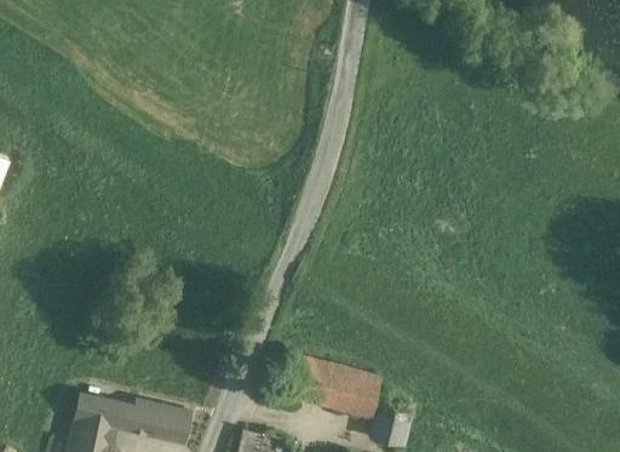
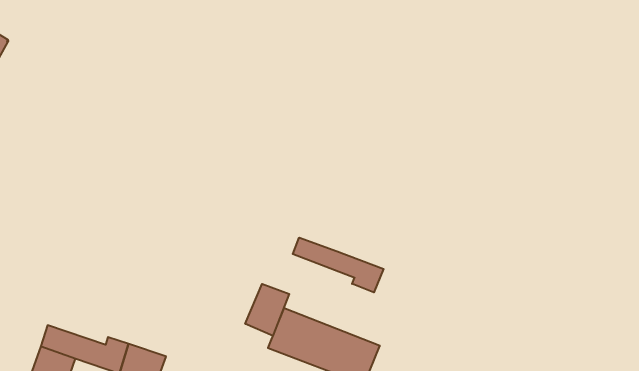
building: none -> [293,238,384,292]
building: none -> [245,284,289,336]

